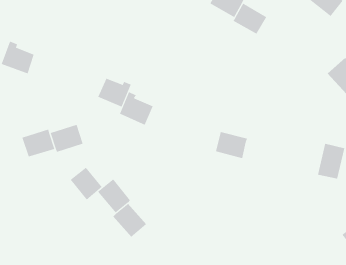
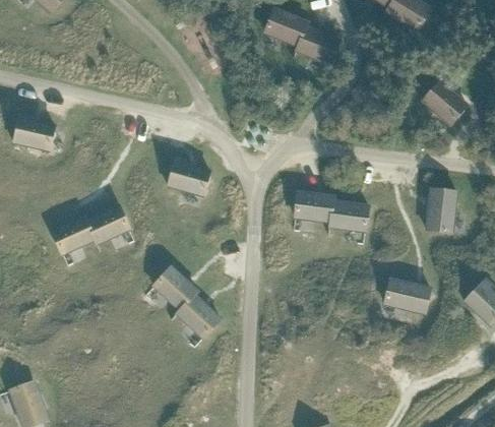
building: [98,78,132,107] -> none
building: none -> [328,200,367,231]
building: [70,167,103,200] -> none
building: none -> [384,279,430,314]

